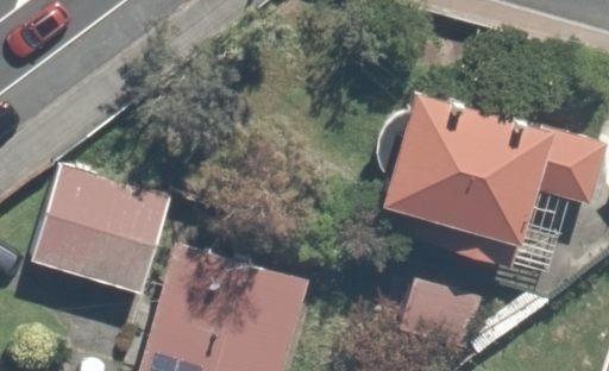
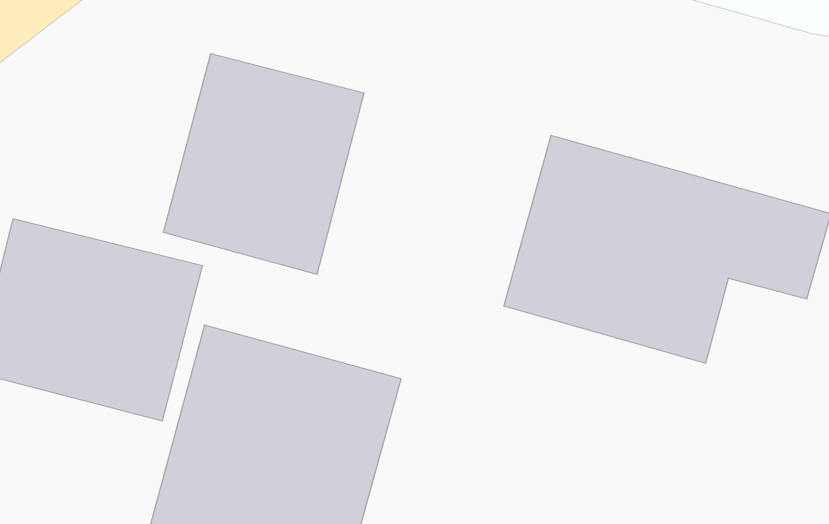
building: none -> [164,53,364,274]

